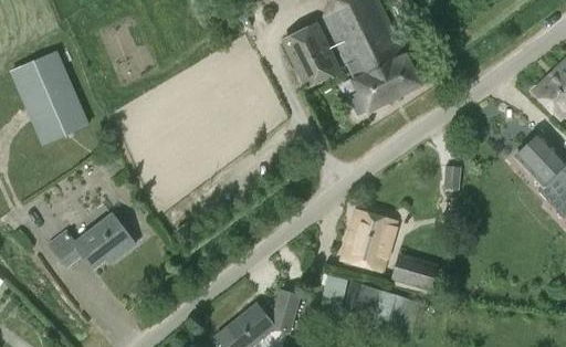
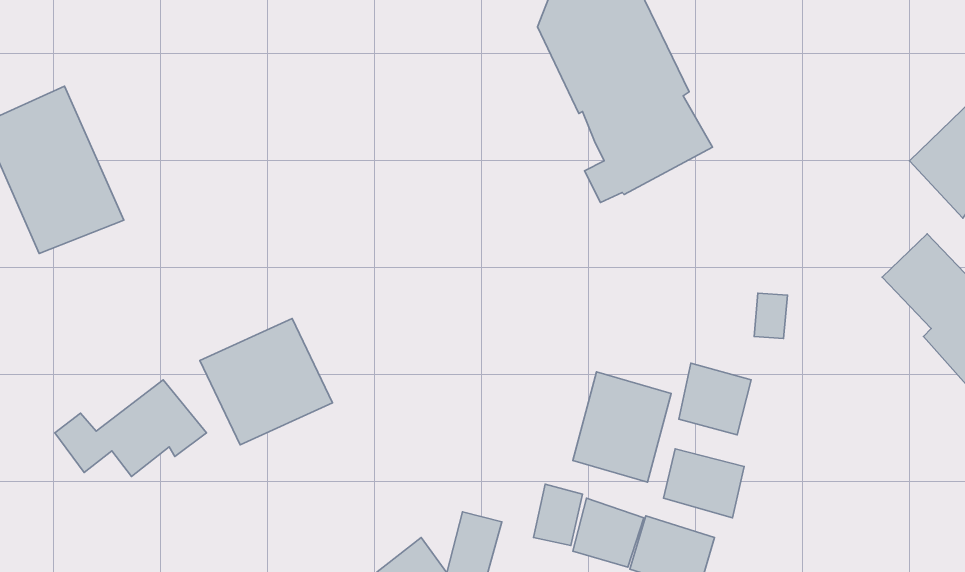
building: [282,23,340,87] -> none
building: none -> [200,319,333,445]
building: none -> [679,363,751,435]

